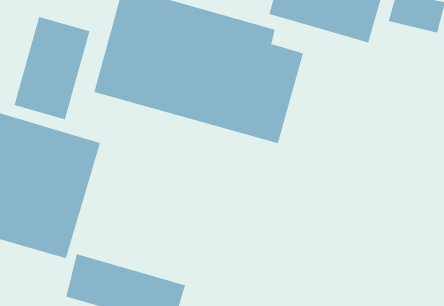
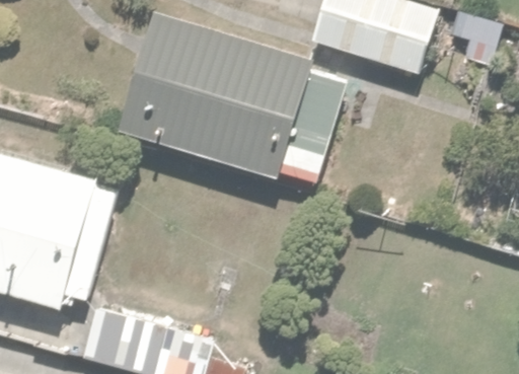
building: [14,16,90,120] -> none

